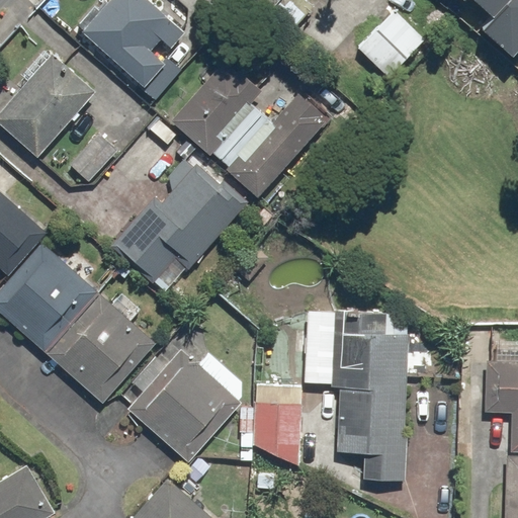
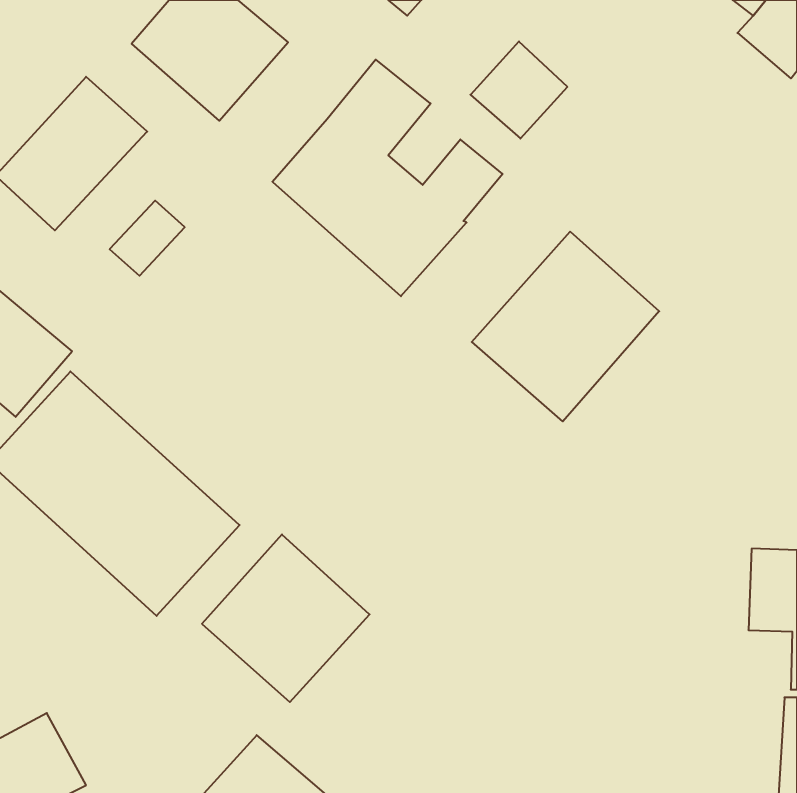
building: [360,12,423,75] -> [470,41,567,139]
building: none -> [472,232,659,421]
building: [120,163,245,290] -> none
building: [307,309,410,479] -> none
building: [254,384,301,464] -> none

